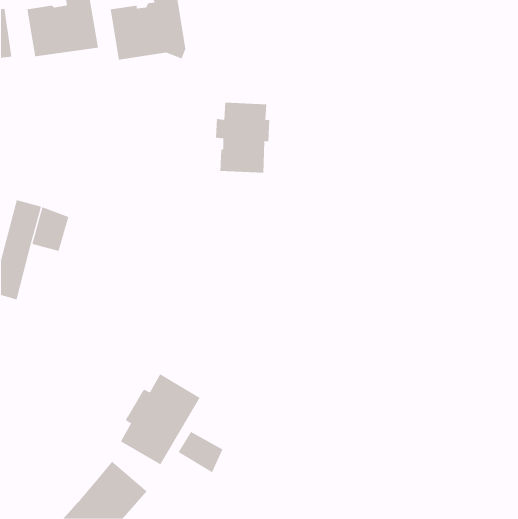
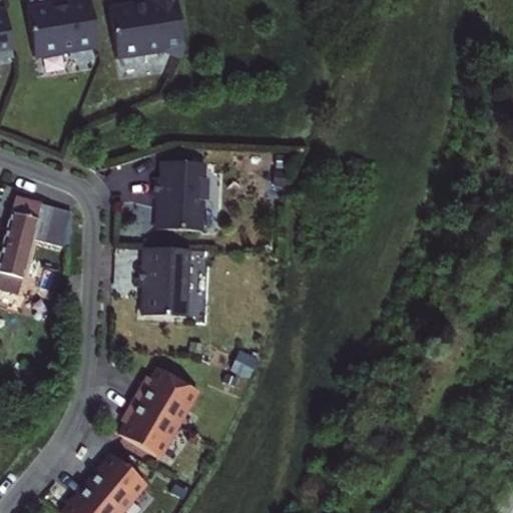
building: [215,102,270,173] -> [154,161,208,231]
building: none -> [139,247,190,318]
building: [178,431,223,473] -> none

